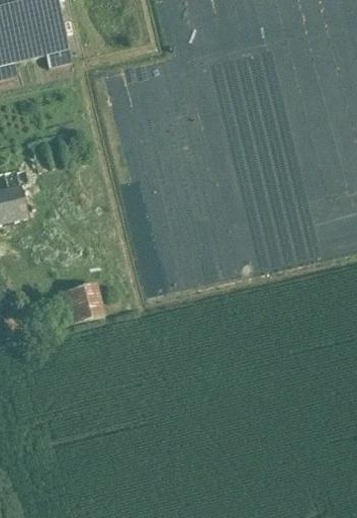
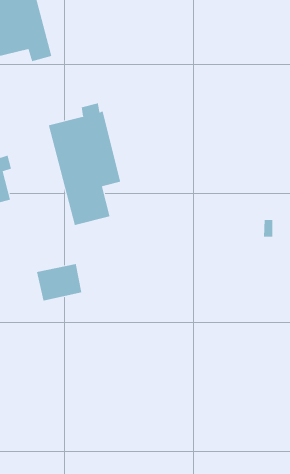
building: none -> [48,103,121,226]

